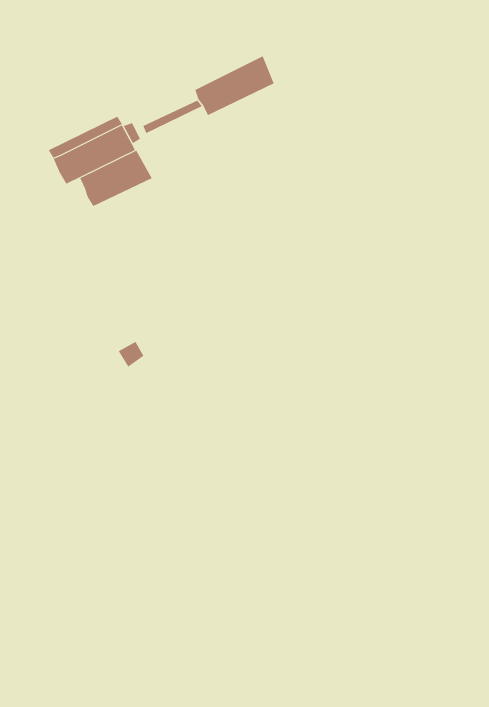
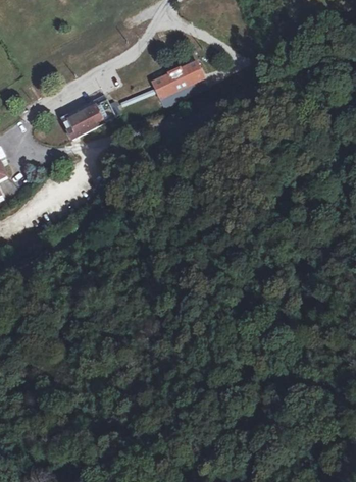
building: [79,150,152,207] -> none

